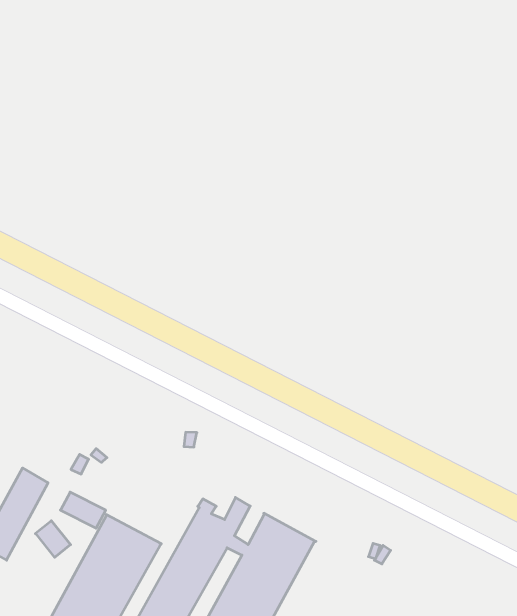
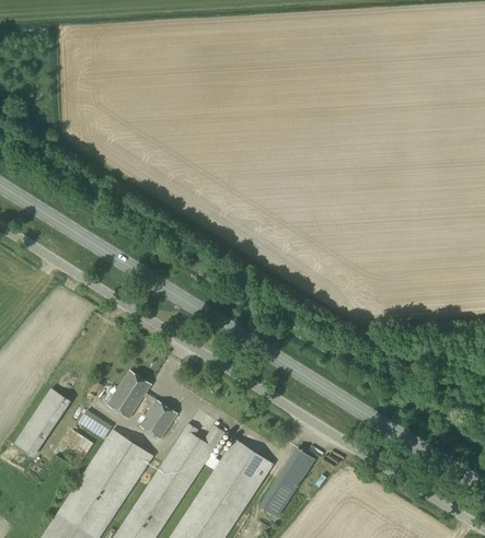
building: none -> [107,371,177,440]
building: none -> [259,448,314,516]

